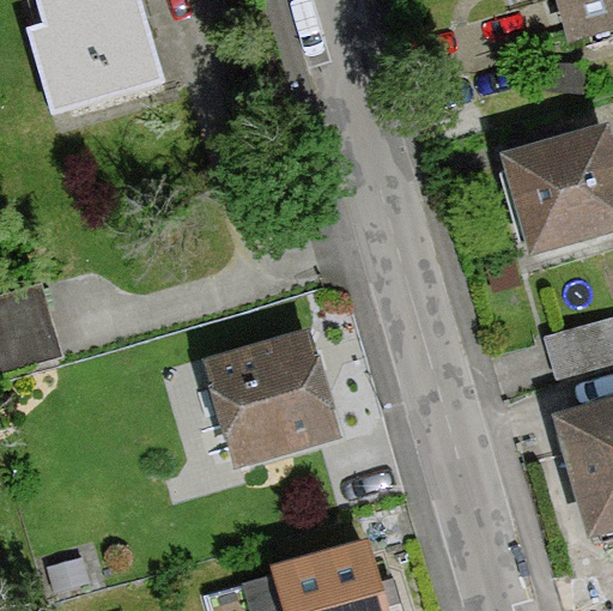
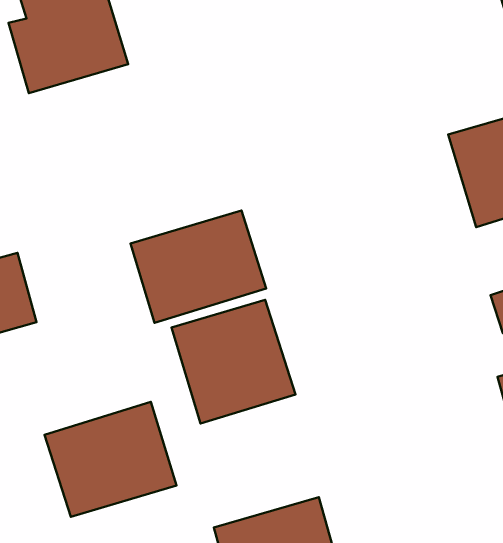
building: none -> [130,210,266,323]
building: none -> [45,402,177,517]

